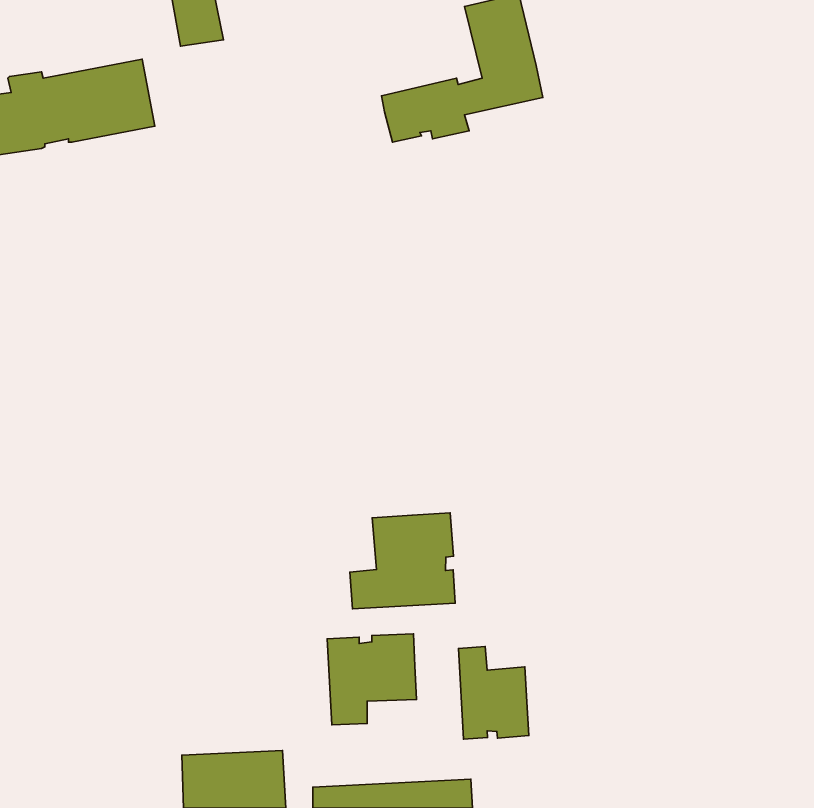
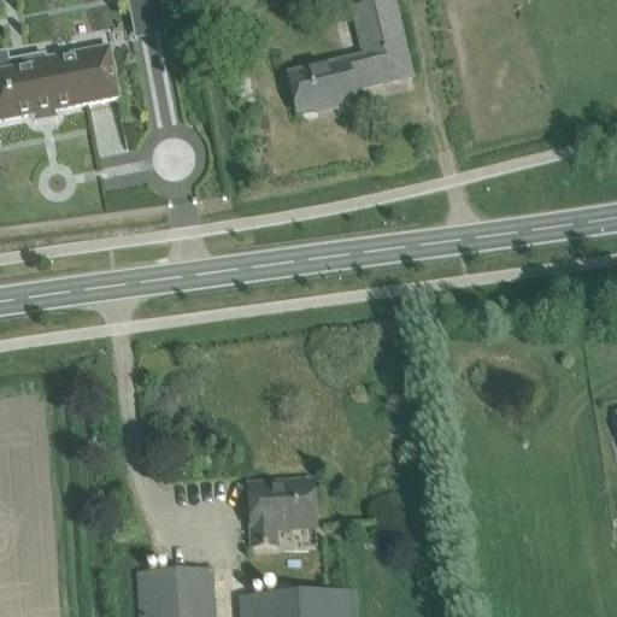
building: [350,513,455,609] -> none
building: [458,647,529,739] -> none

